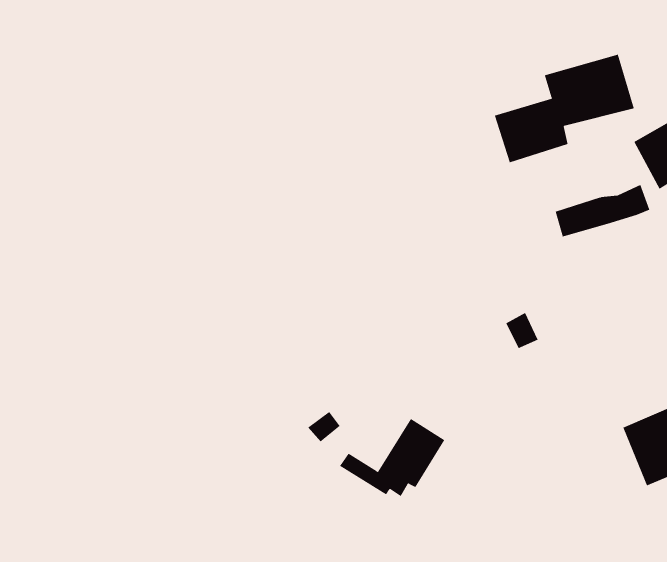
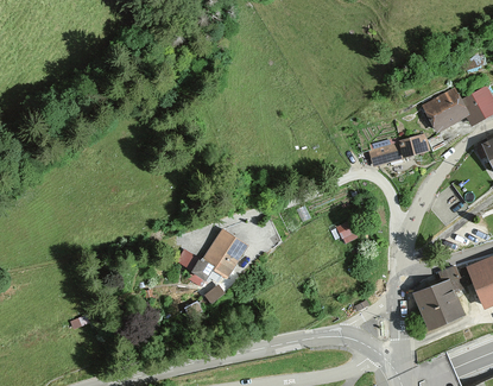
building: [494,54,635,163] -> none
building: [339,418,445,497] -> [178,228,247,279]

